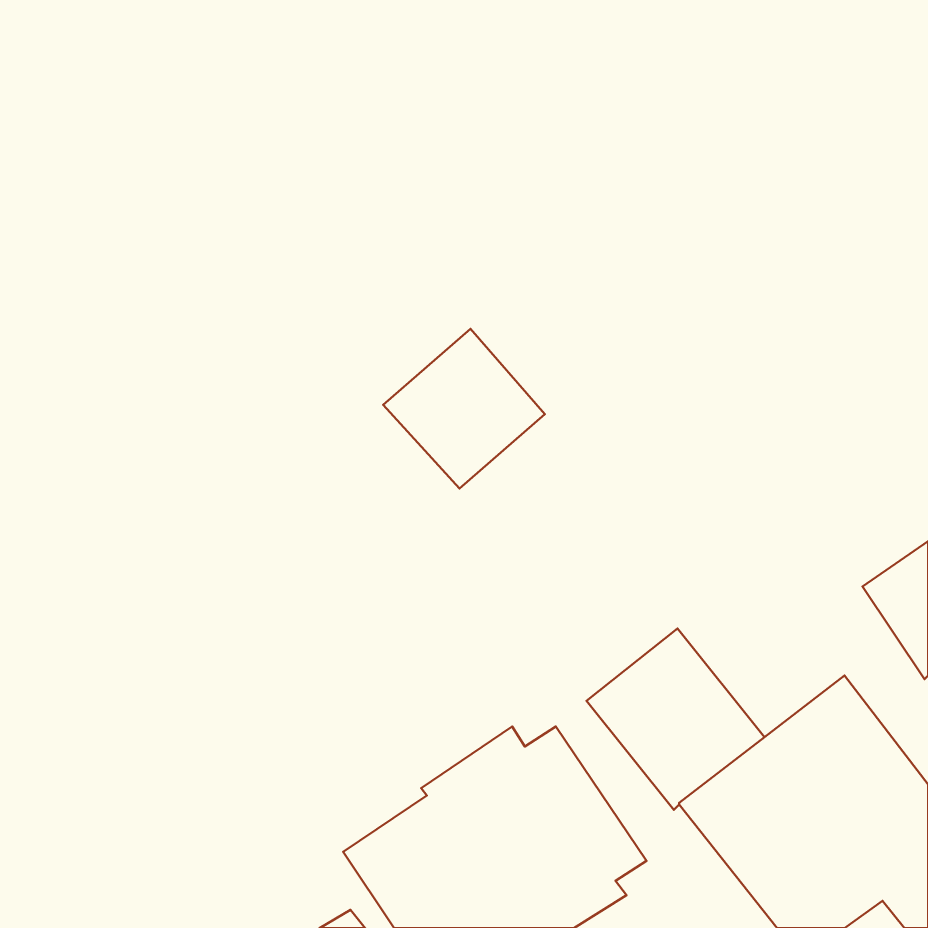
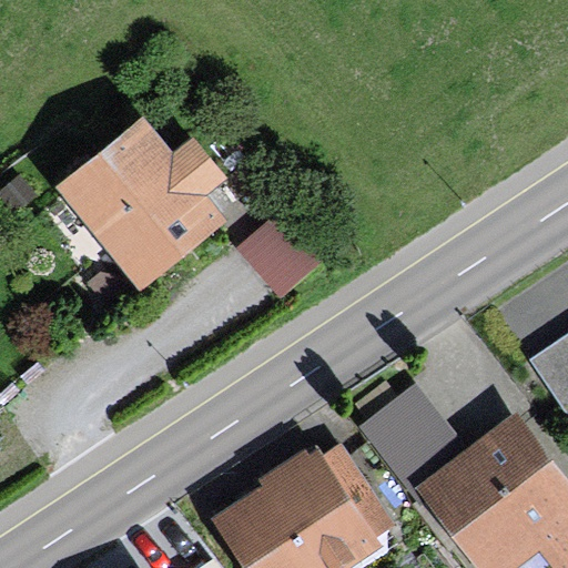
building: none -> [54,115,229,293]

